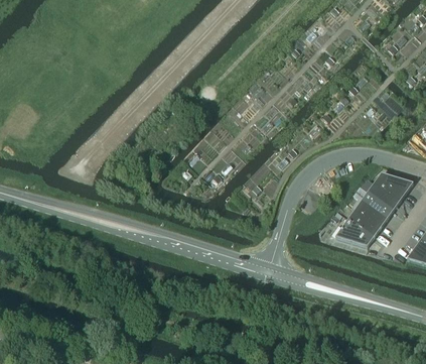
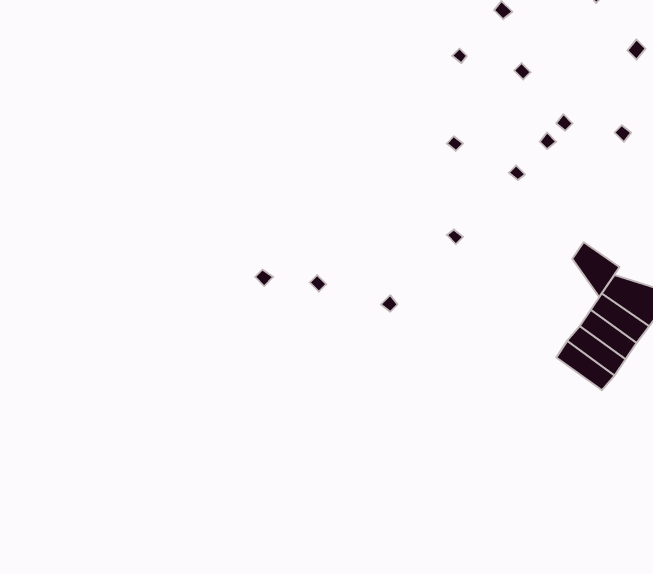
building: none -> [572,242,619,297]
building: [336,217,375,245] -> none

